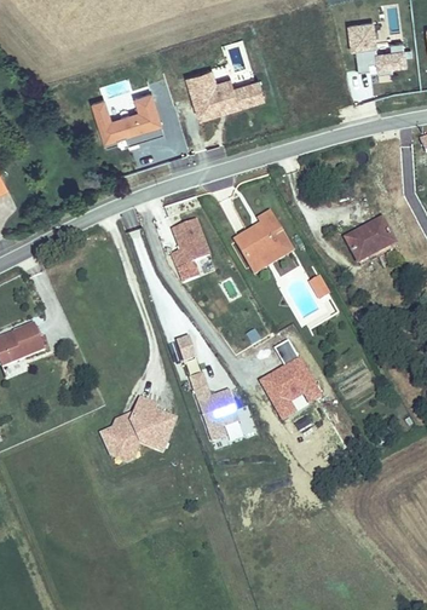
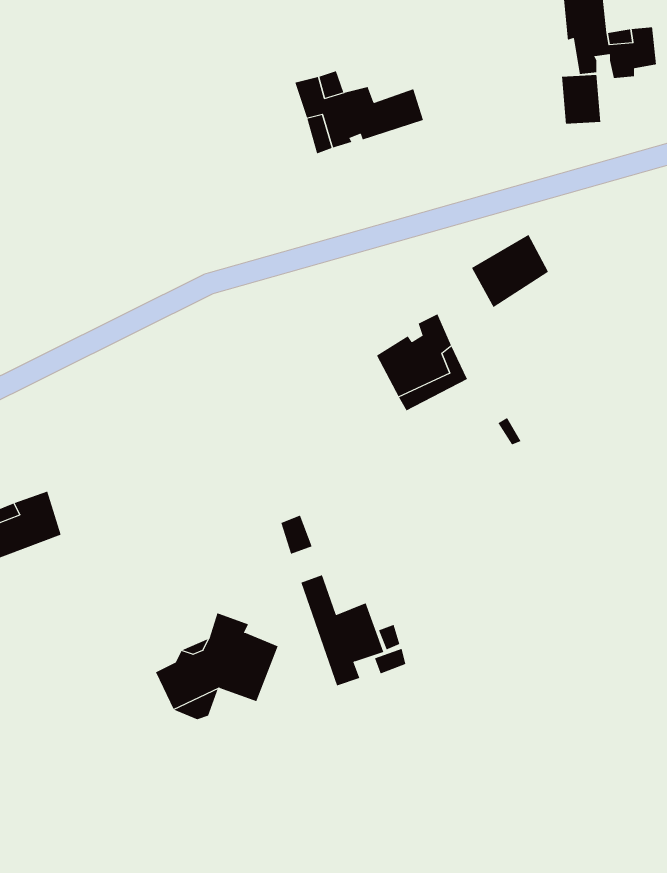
building: [92,91,163,145] -> none
building: [342,214,390,259] -> [471,234,549,308]
building: [171,219,209,267] -> none
building: [260,339,322,419] -> none

